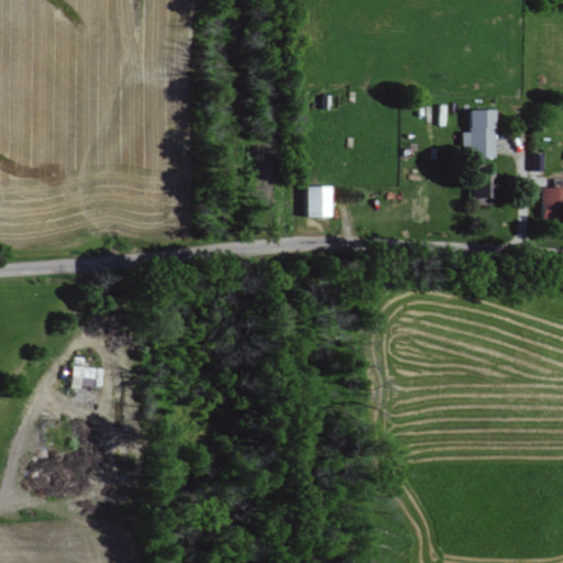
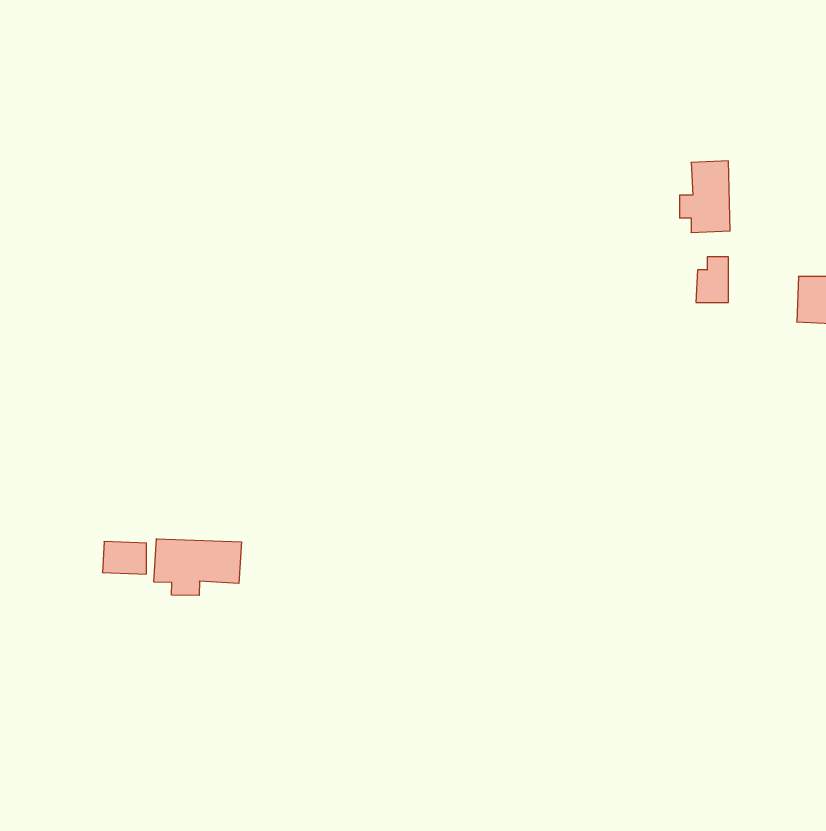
building: [308,186,333,217] -> none
building: none -> [154,539,241,595]

